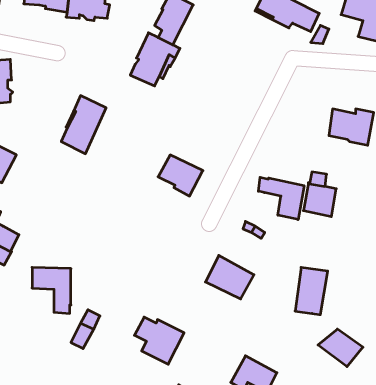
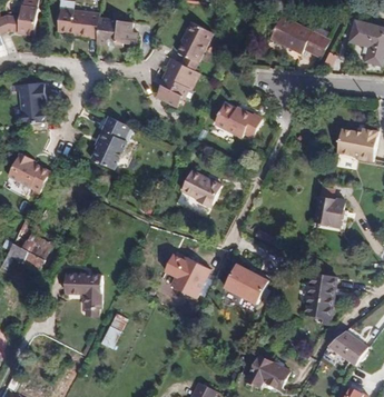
building: none -> [214,102,262,138]
building: [258,177,304,220] -> none
building: [134,317,184,364] -> [164,254,209,297]

